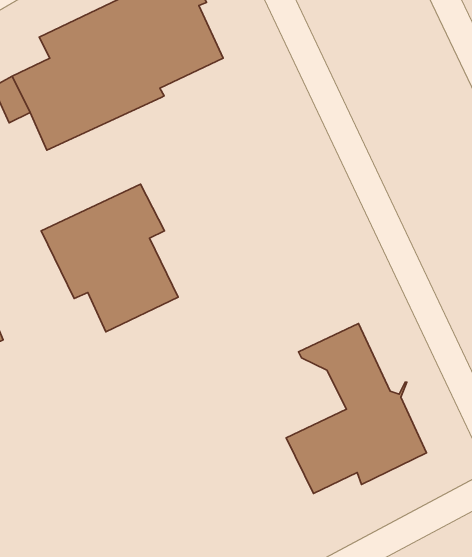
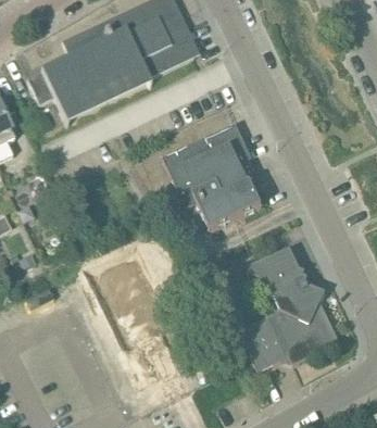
building: [41,184,178,332] -> [163,122,262,228]

